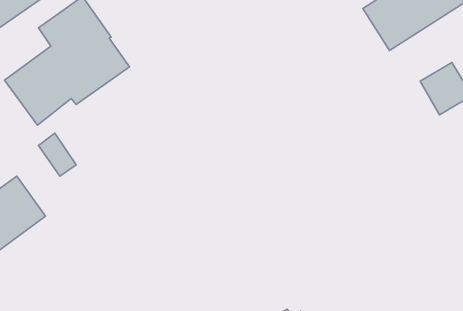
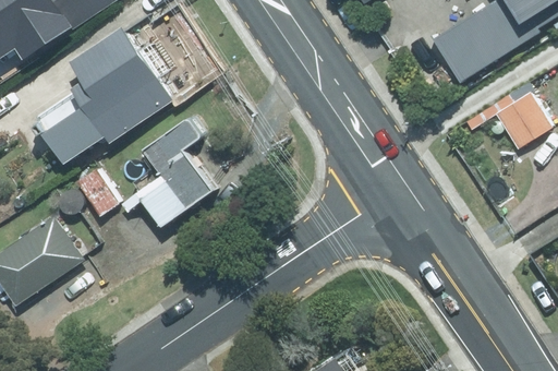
building: none -> [148,119,220,226]

